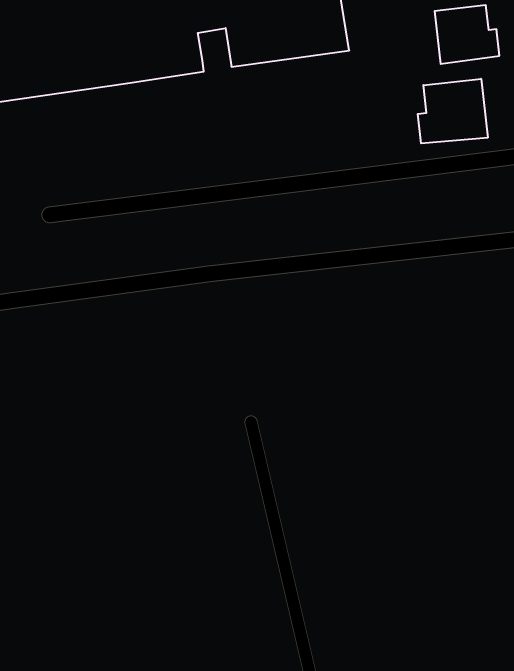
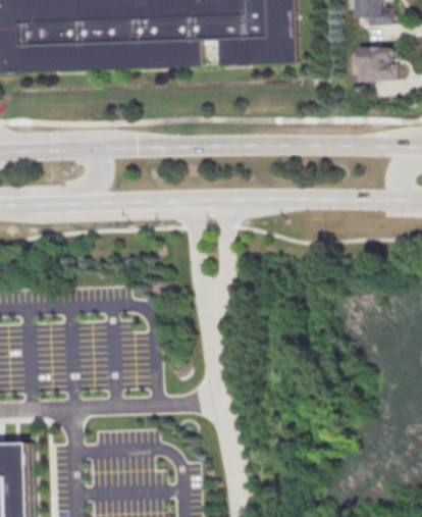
building: [418,79,488,143] -> none

